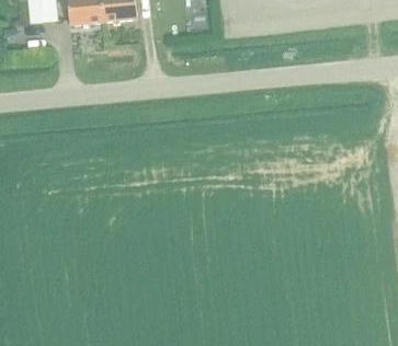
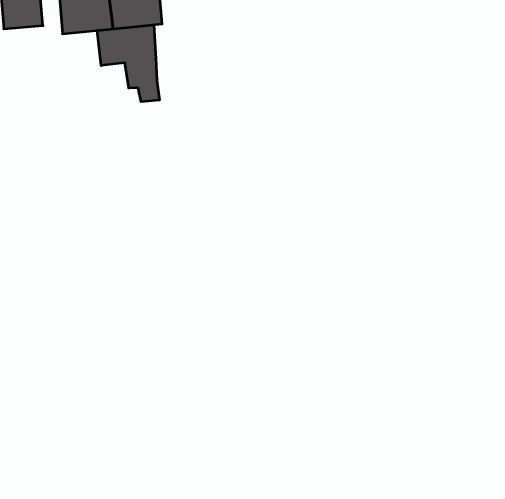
building: none -> [97,25,159,102]

